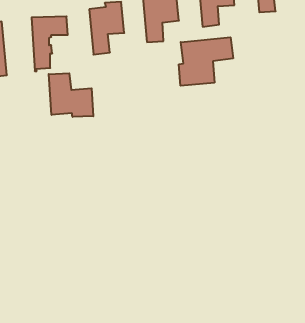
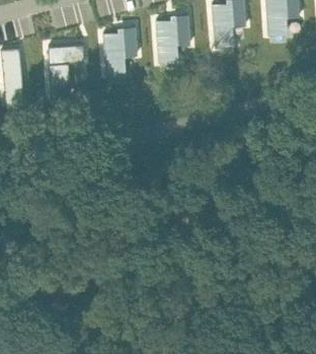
building: [179,37,233,86] -> none
building: [49,73,93,117] -> none

